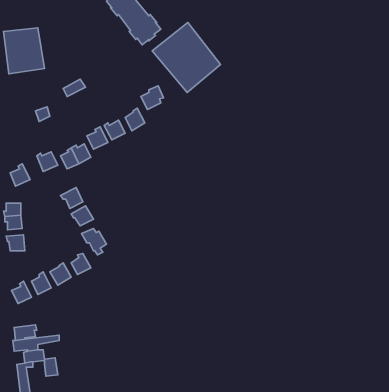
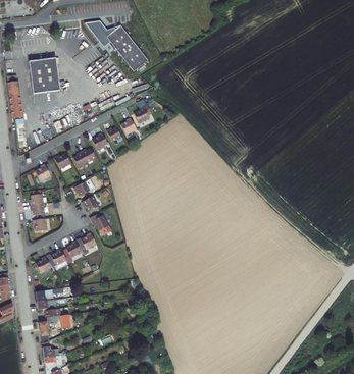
building: [152,22,220,93] -> none

